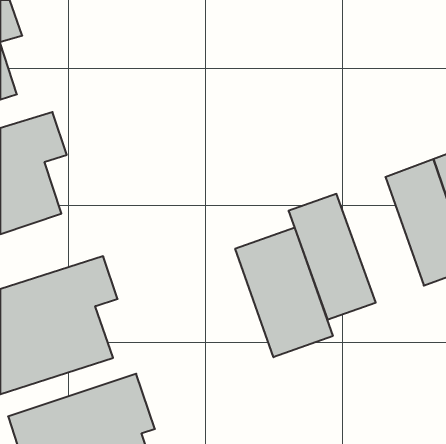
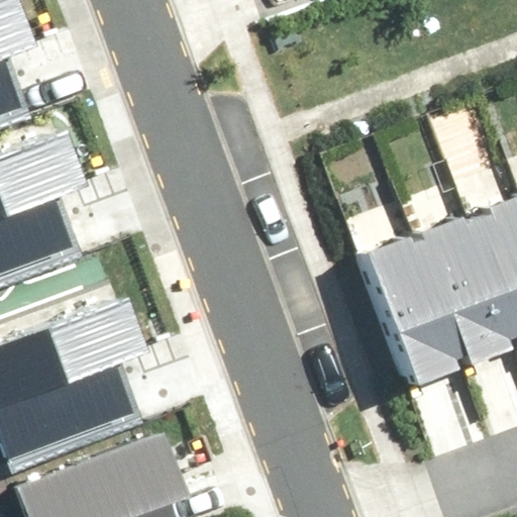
building: none -> [392,213,491,355]
building: [235,227,333,357] -> none

